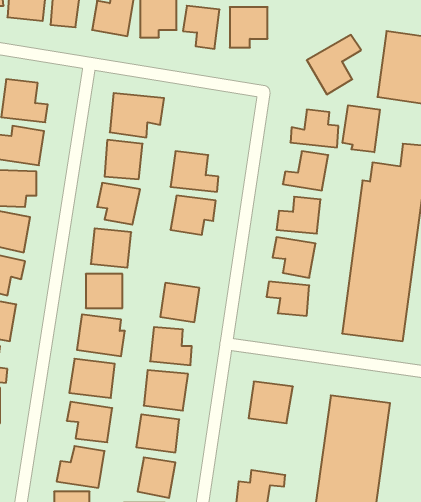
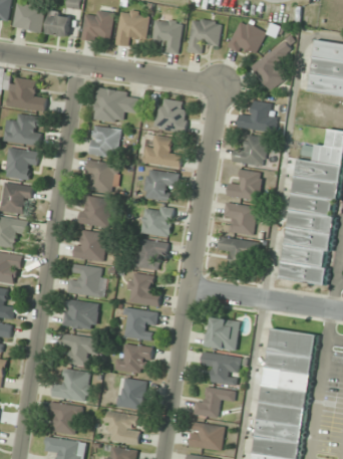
building: none -> [229,20,266,54]
building: [343,105,380,152] -> none
building: none -> [156,100,187,130]
building: none -> [140,205,174,237]
building: none -> [201,353,240,386]

